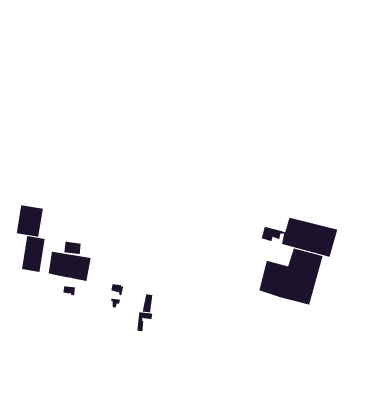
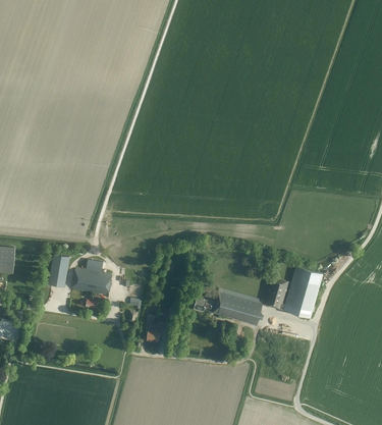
building: [16,205,43,237] -> none
building: [261,217,338,258] -> [194,288,264,325]

